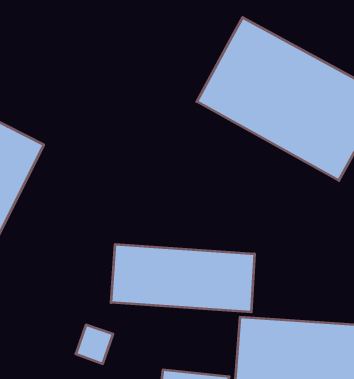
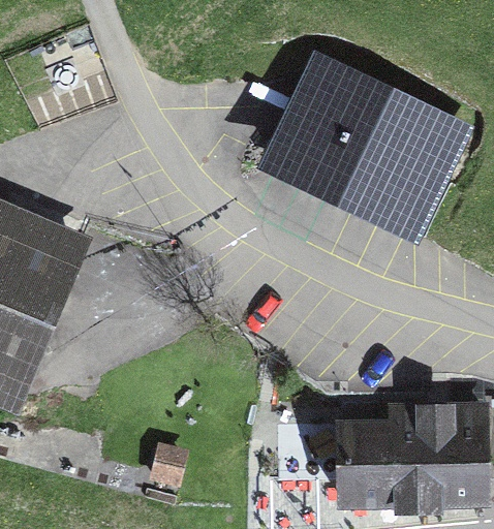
building: [111,244,254,312] -> none

